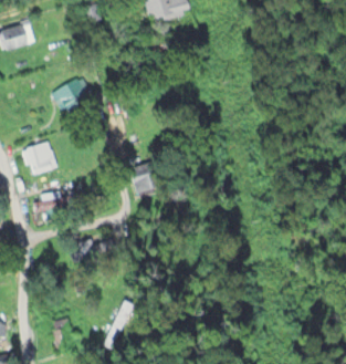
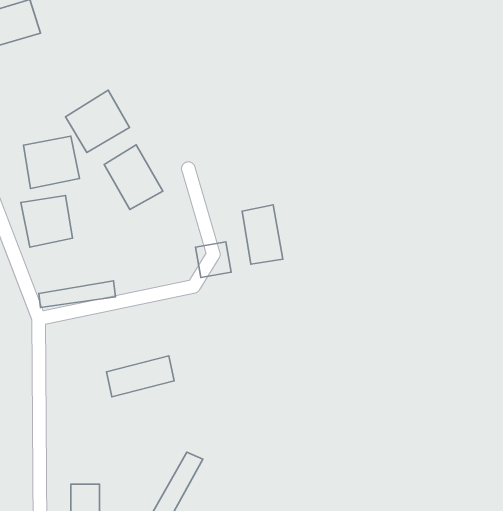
building: none -> [24,136,79,189]
building: none -> [104,145,163,209]
building: none -> [242,205,283,264]

